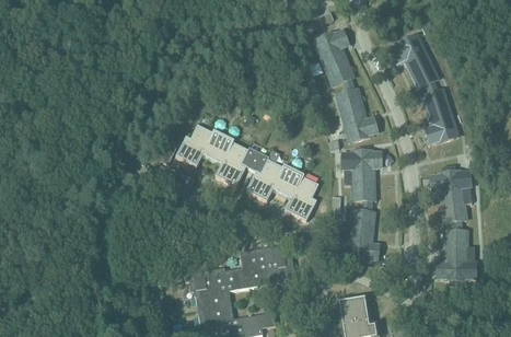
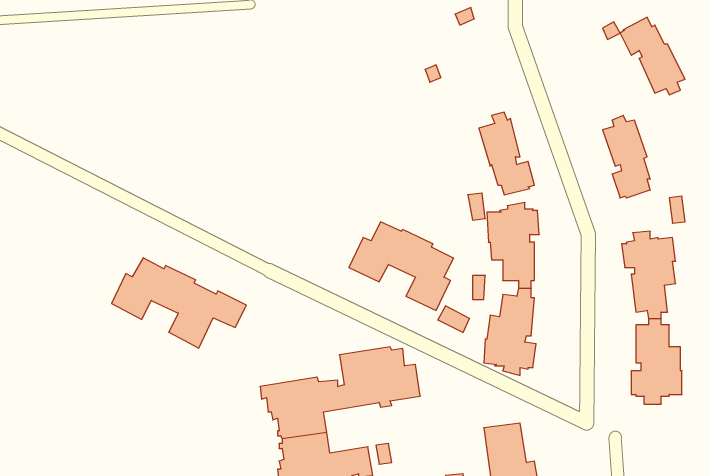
building: [318,31,353,85] -> none
building: [394,35,439,89] -> [620,17,685,95]
building: [176,124,269,186] -> [112,258,246,348]

